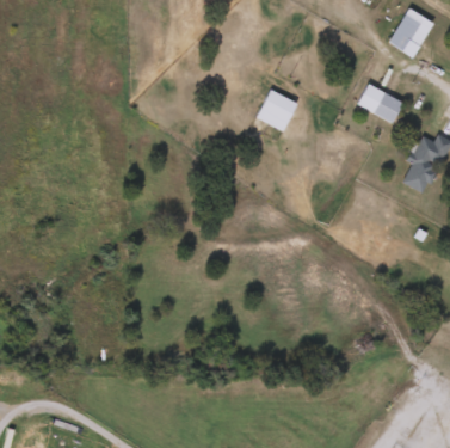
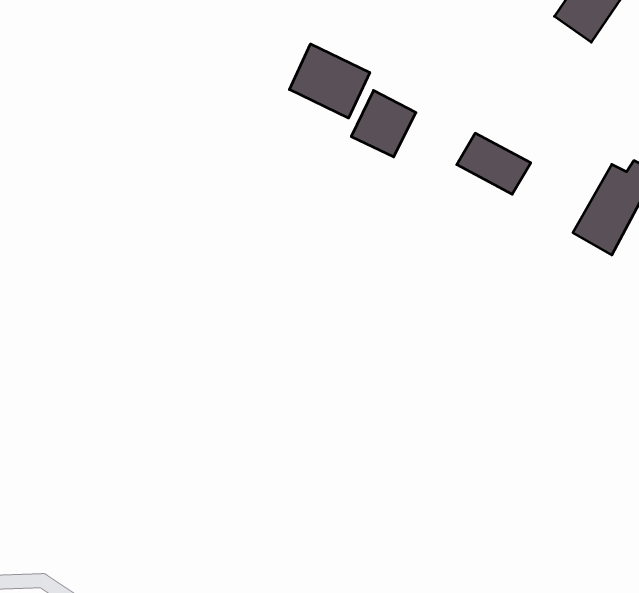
building: none -> [289,44,370,118]
building: [356,84,403,123] -> [457,133,531,194]

